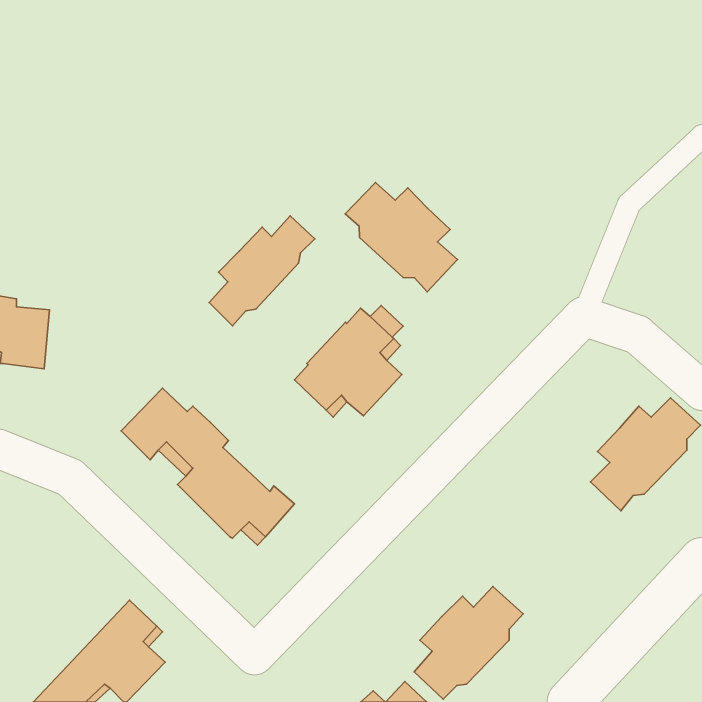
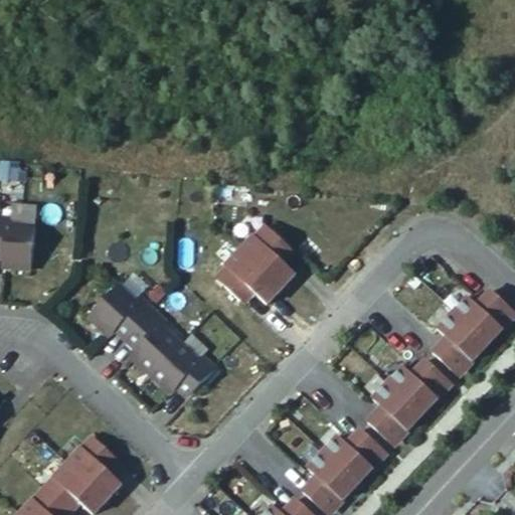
building: [345,183,457,292] -> none
building: [209,216,315,326] -> none
building: none -> [367,359,447,442]

